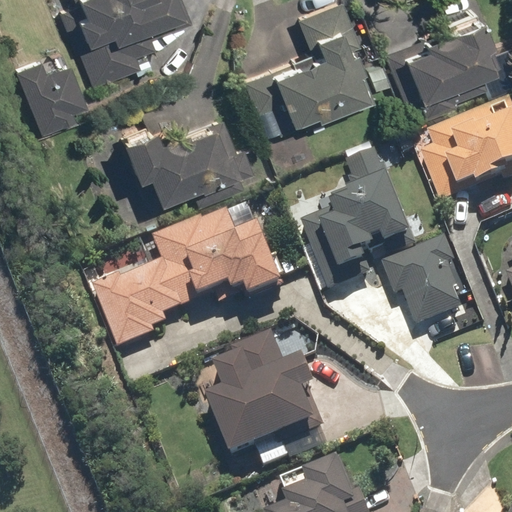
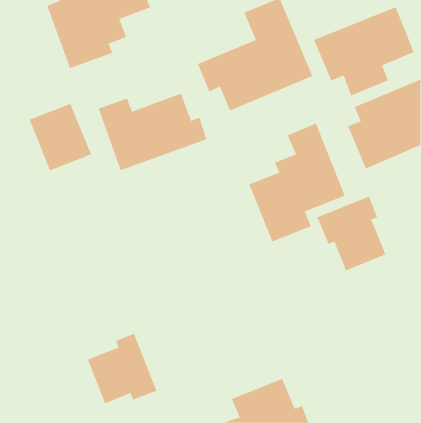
building: [11,48,87,130] -> [29,103,92,171]
building: [94,206,286,347] -> none
building: [210,334,320,458] -> none
building: none -> [87,333,157,404]

